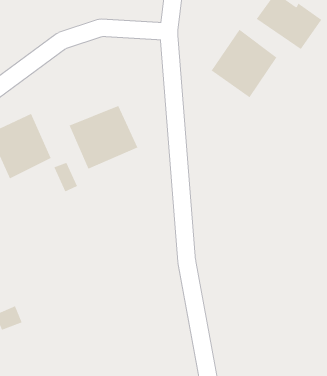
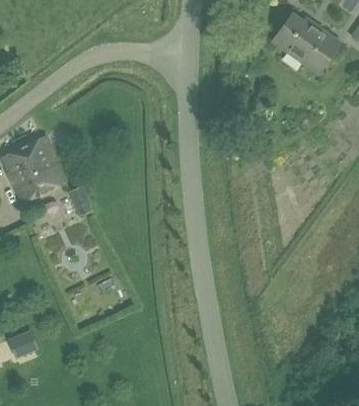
building: [211,29,277,98] -> none
building: [69,105,138,169] -> none

